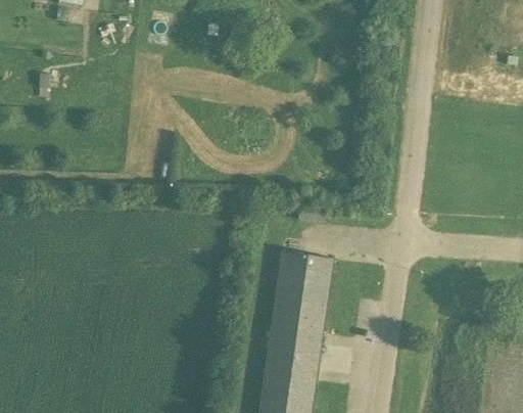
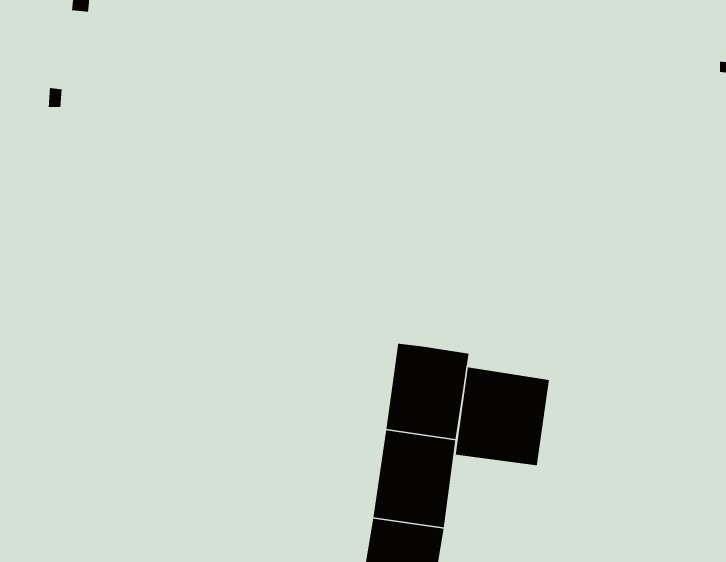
building: none -> [455,367,550,466]

